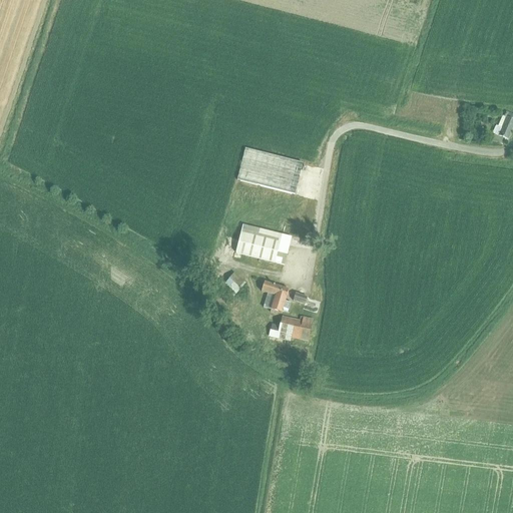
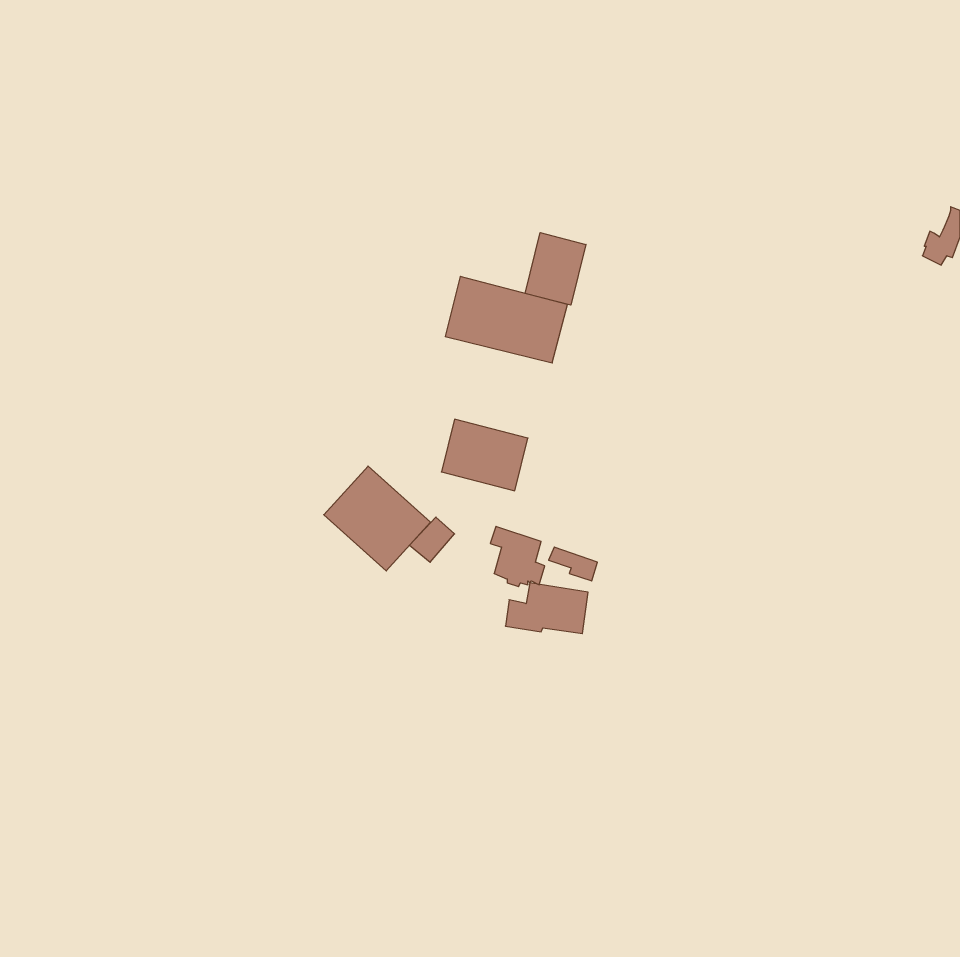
building: none -> [525,233,586,305]
building: none -> [324,466,430,571]

